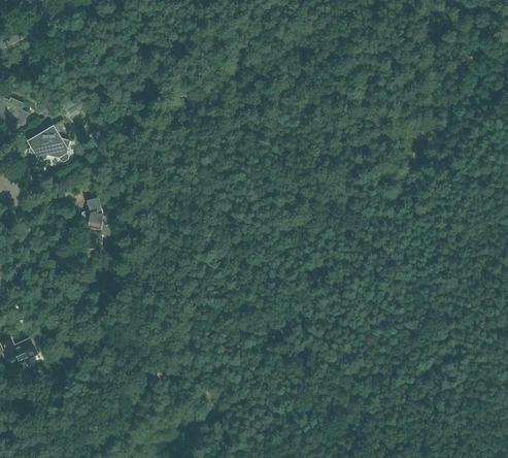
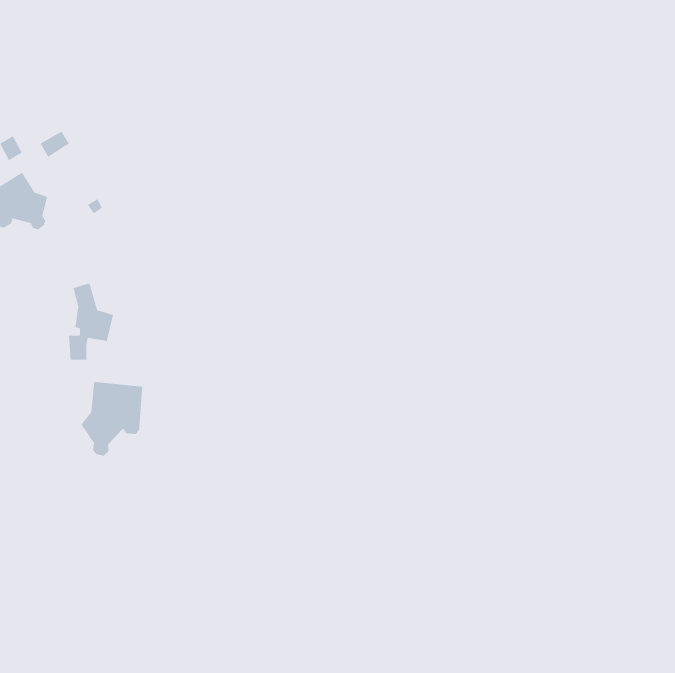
building: none -> [81,381,143,456]

